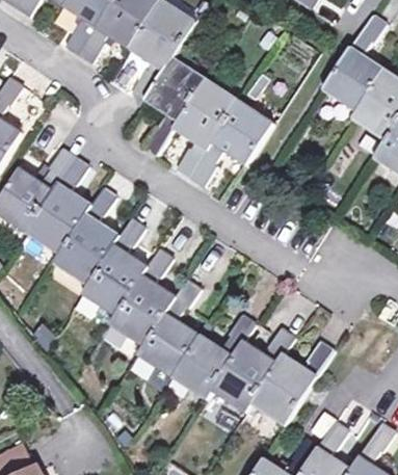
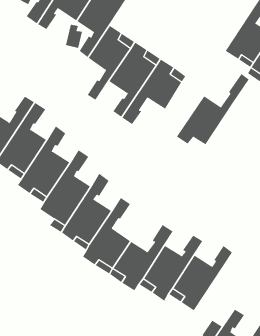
building: none -> [176,73,249,145]

